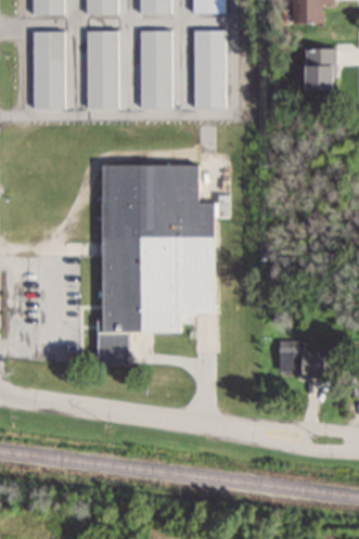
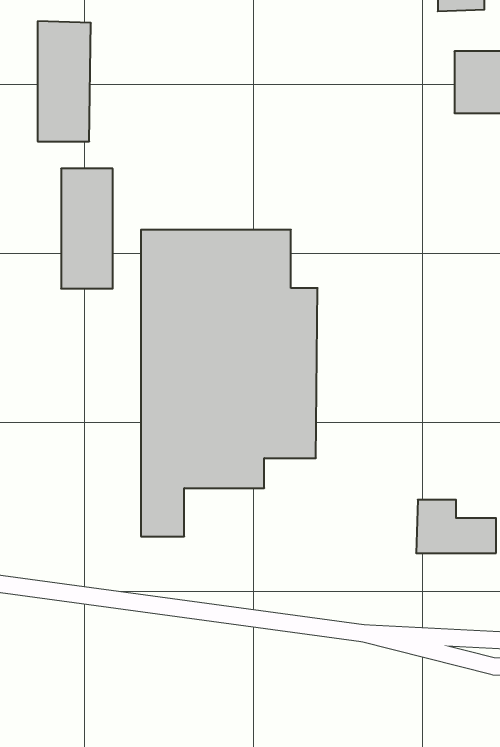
building: [87,29,120,107] -> [61,169,113,289]
building: [141,29,174,107] -> none
building: [194,29,226,107] -> none

